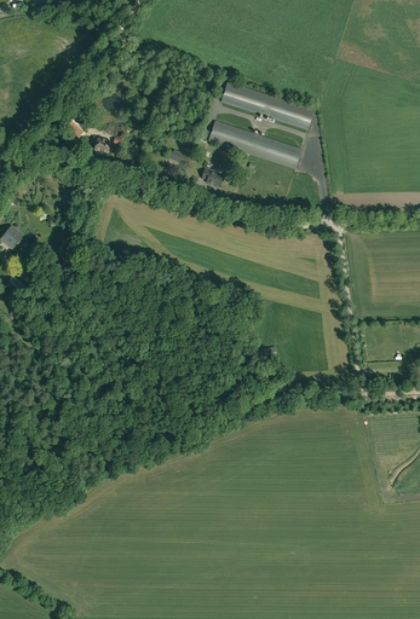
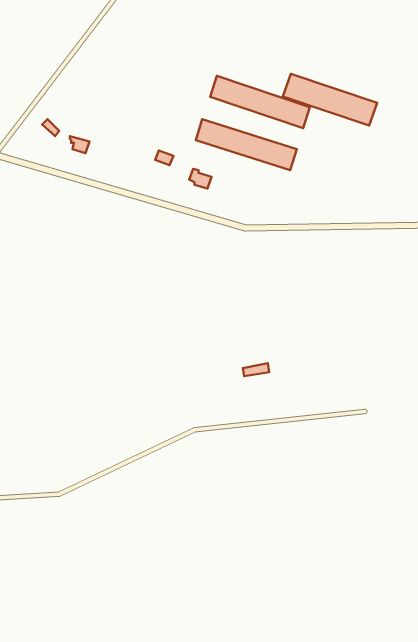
building: none -> [283,74,377,126]

